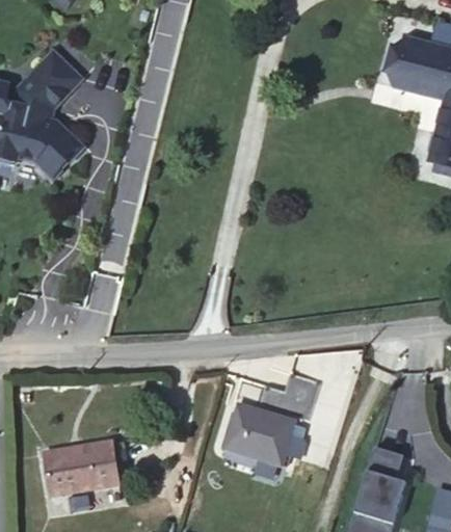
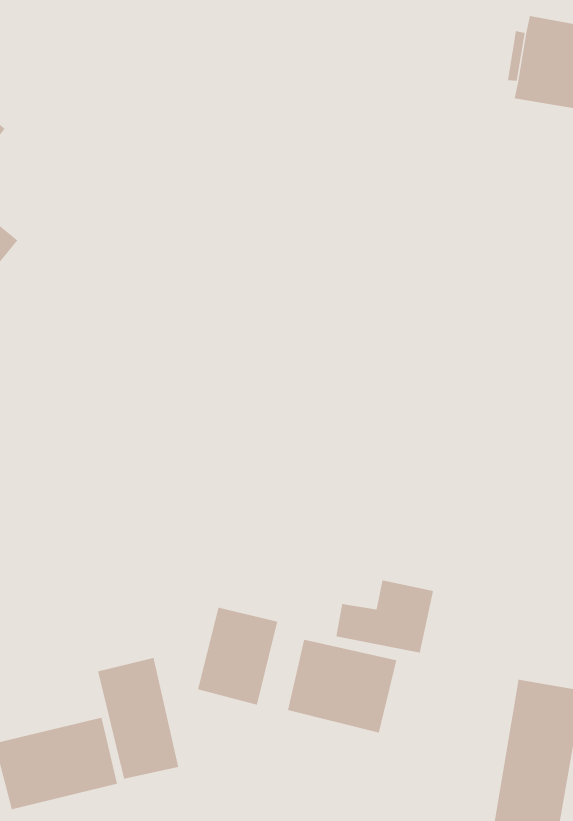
building: none -> [198,607,278,706]
building: none -> [97,657,179,779]

